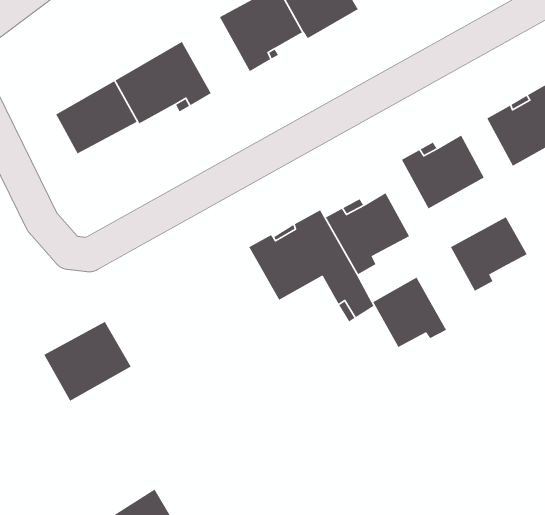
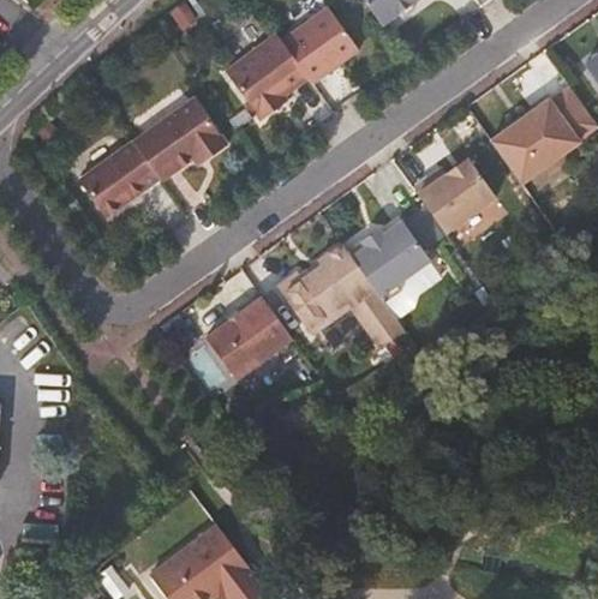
building: [450,216,528,292] -> none
building: [372,276,447,348] -> none
building: [43,321,132,402] -> [207,298,292,378]

